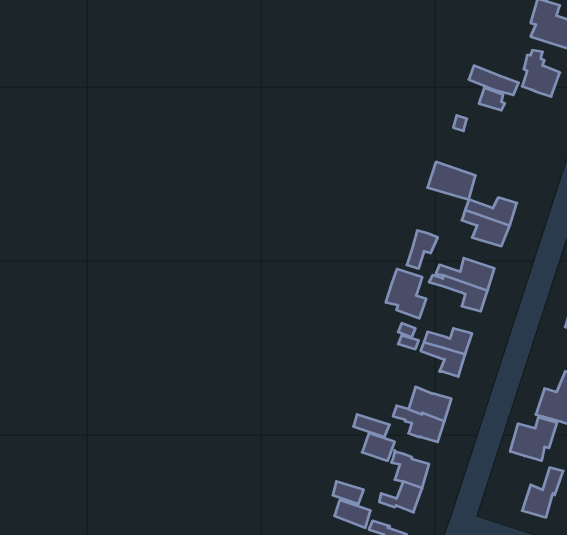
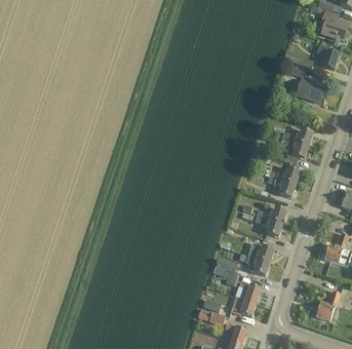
building: [427,162,476,200] -> [296,79,324,102]
building: [386,269,426,318] -> none
building: [510,417,557,461] -> none

